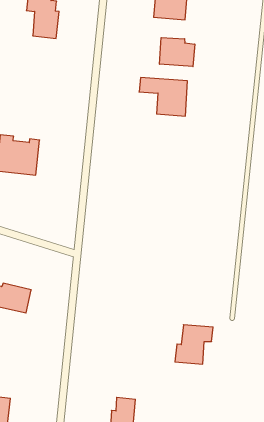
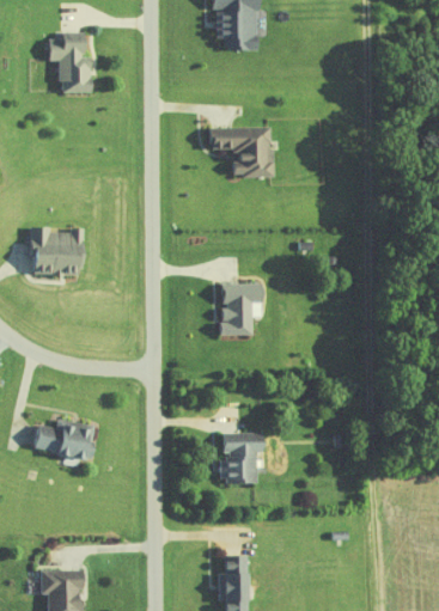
building: [160,38,195,67] -> none
building: none -> [221,289,264,334]
building: [175,325,213,364] -> [219,432,264,483]

